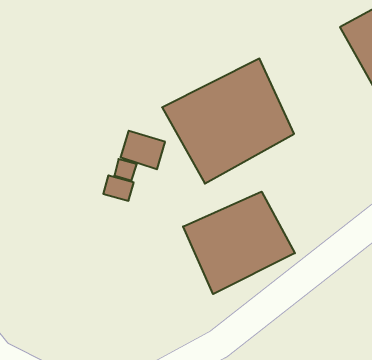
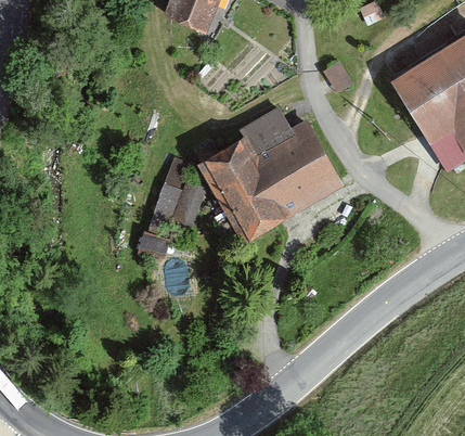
building: [183,192,295,294] -> none

